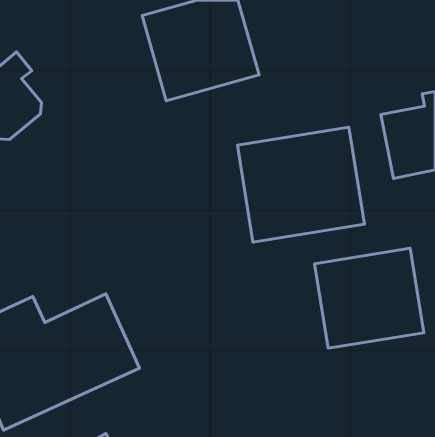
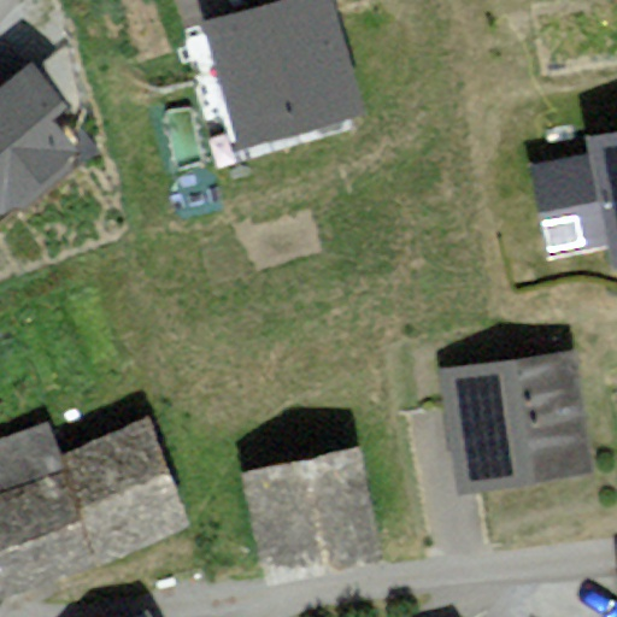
building: [237,127,364,242] -> none
building: none -> [247,446,390,582]

